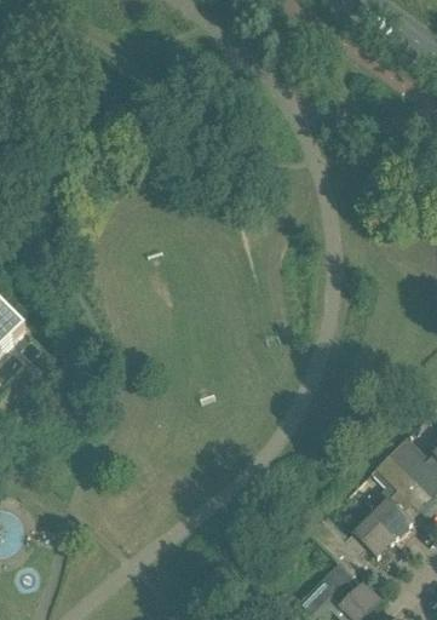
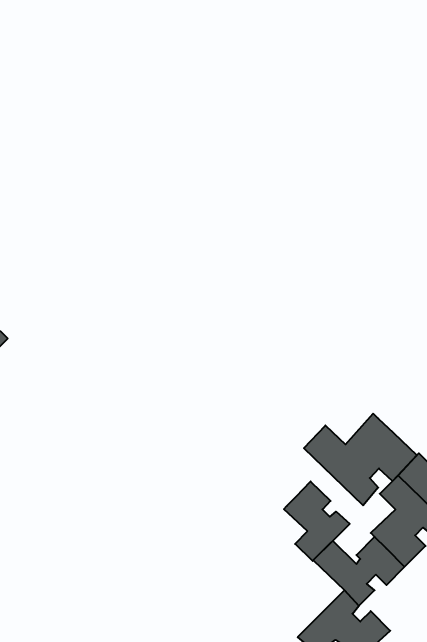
building: none -> [304,414,417,505]
building: none -> [284,481,350,561]

